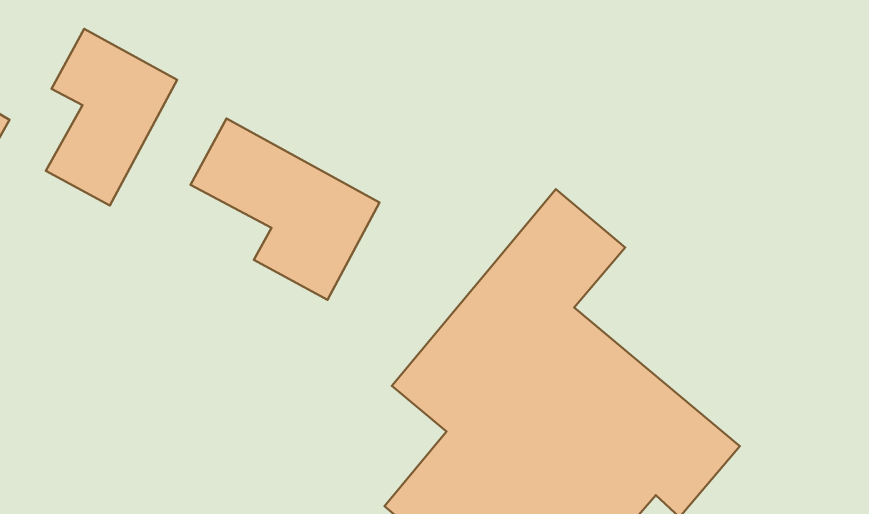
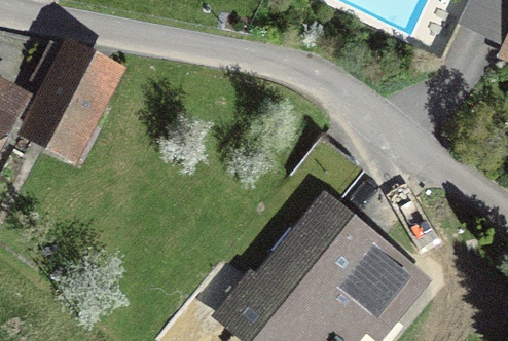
building: [190,118,380,300] -> none

